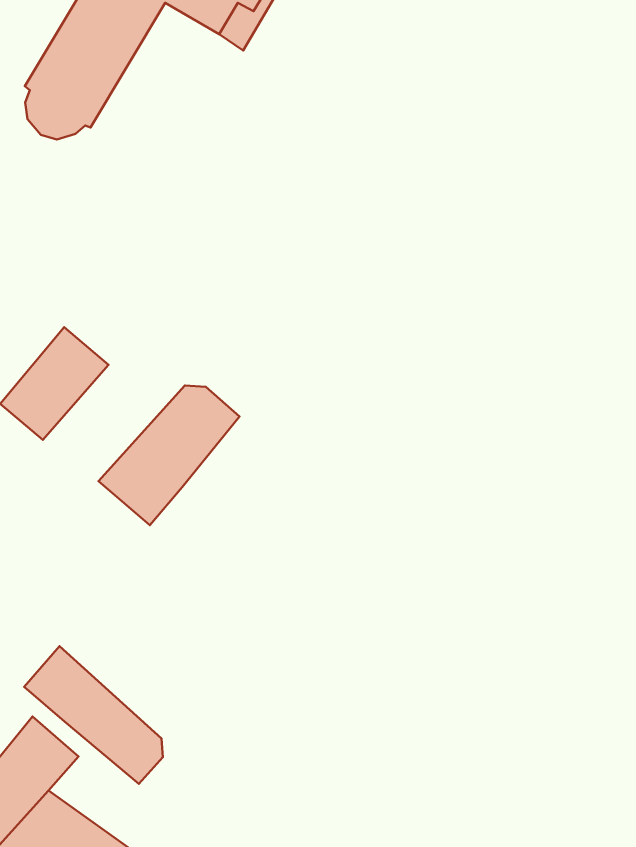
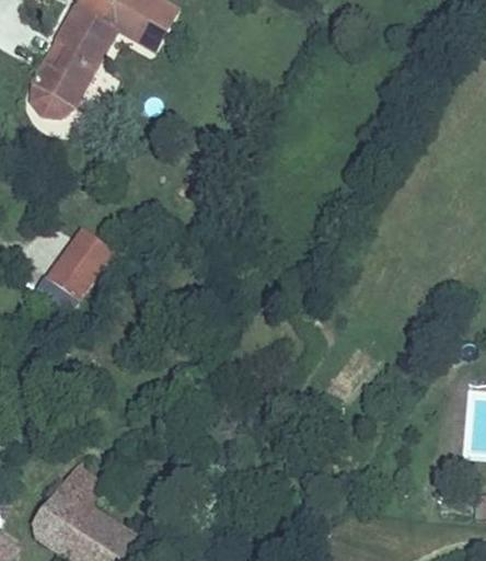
building: [98,385,240,525] -> none
building: [24,646,163,784] -> none

